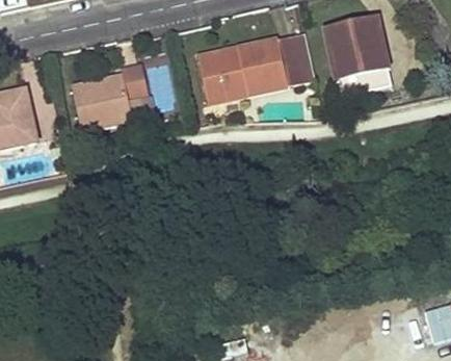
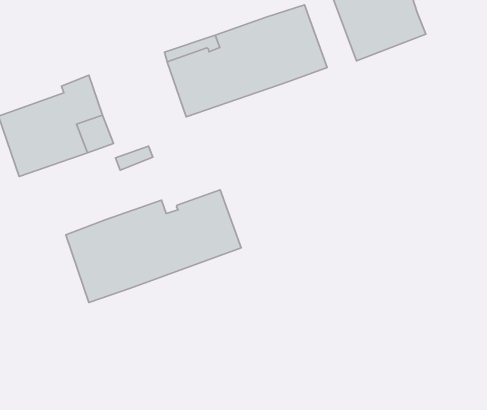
building: none -> [66,190,241,303]

